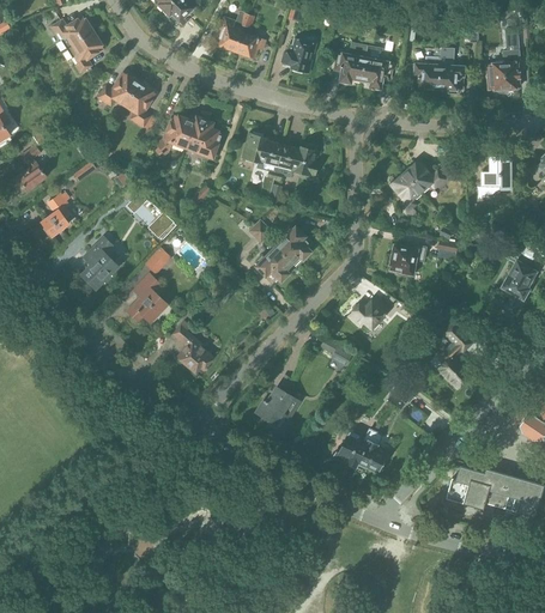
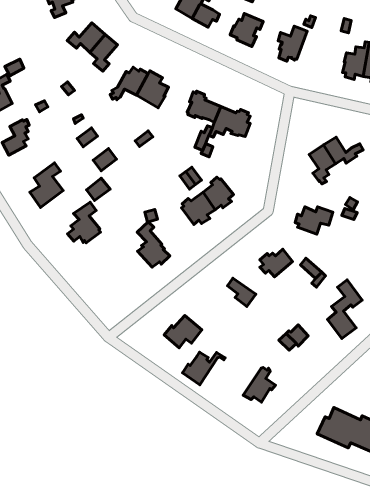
building: [361,45,388,89] -> none
building: [172,321,213,371] -> [137,222,170,267]
building: [334,427,380,467] -> [183,352,225,385]

